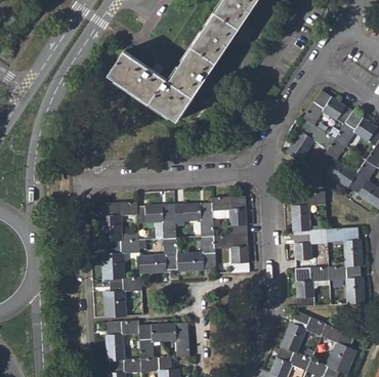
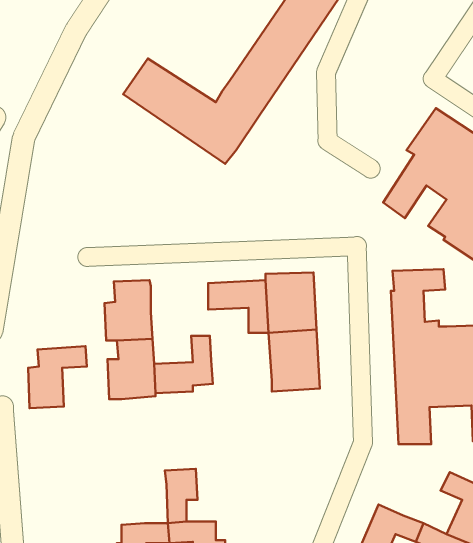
building: [129,201,168,236] -> none
building: [169,234,209,271] -> none
building: [103,276,142,317] -> [28,346,87,408]
building: [280,312,327,354] -> none
building: [104,321,139,362] -> none
building: [159,323,190,359] -> none

